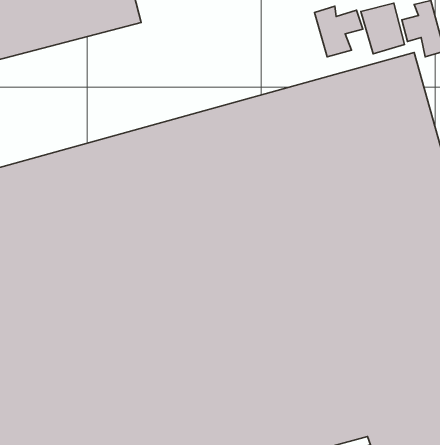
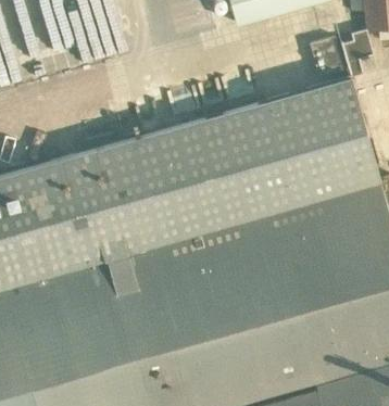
building: [314,6,363,57] -> none

